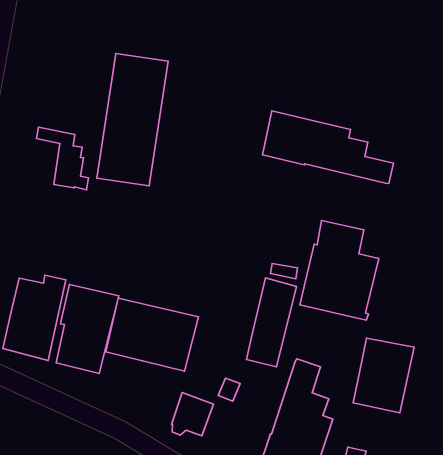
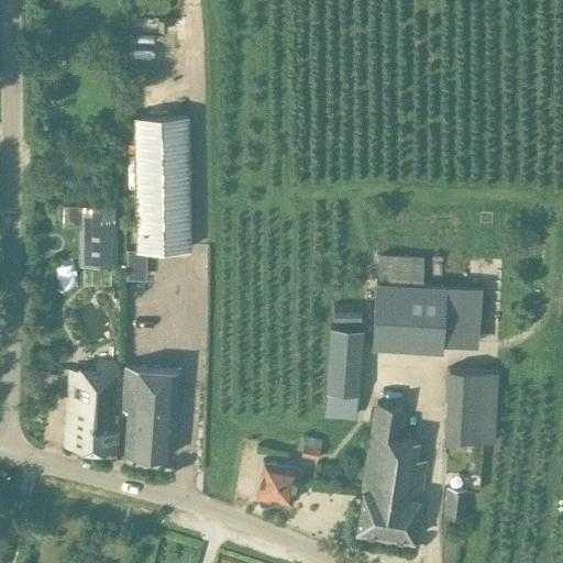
building: [263,111,393,183] -> none
building: none -> [441,288,483,350]
building: [106,298,198,371] -> none

